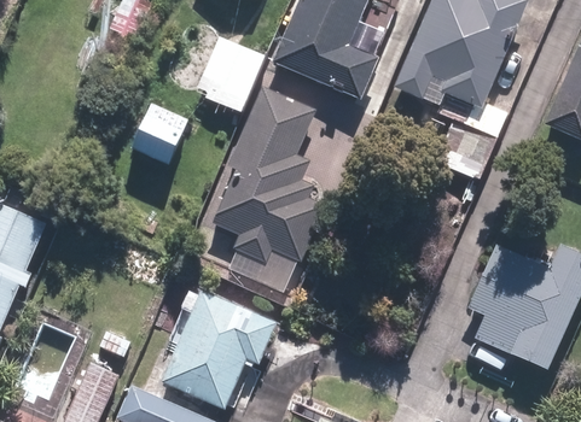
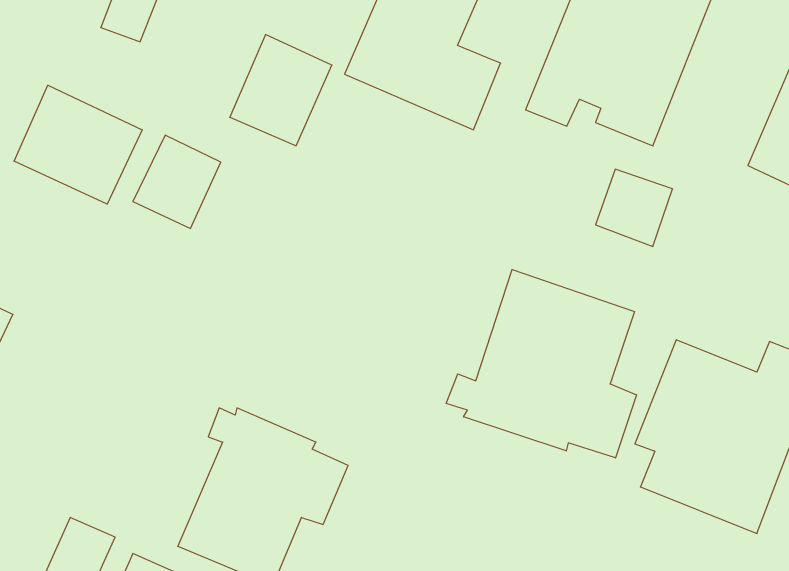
building: none -> [14,85,142,204]
building: [213,88,321,292] -> none
building: none -> [446,269,636,458]

